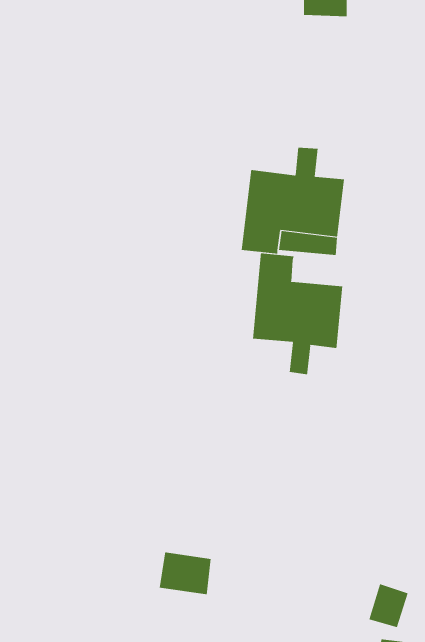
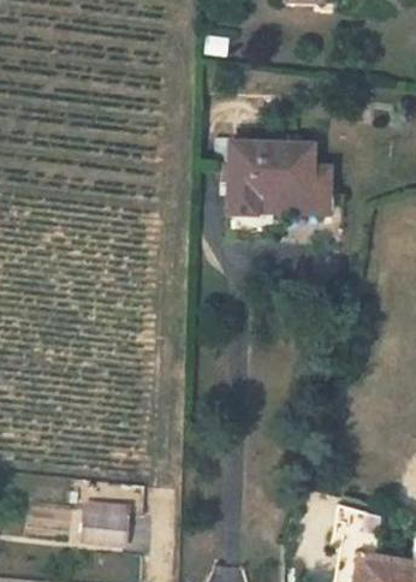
building: [253,252,343,375] -> none
building: [159,552,212,595] -> [83,504,129,541]

